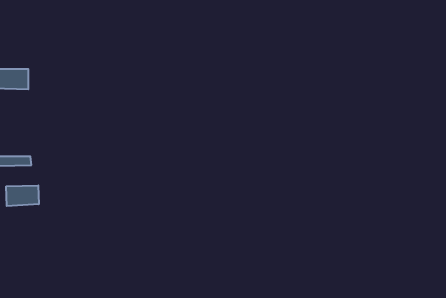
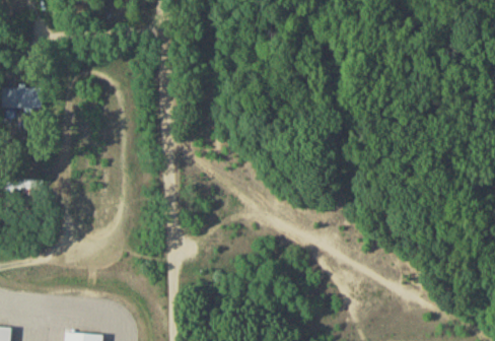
building: [6,185,39,206] -> none

